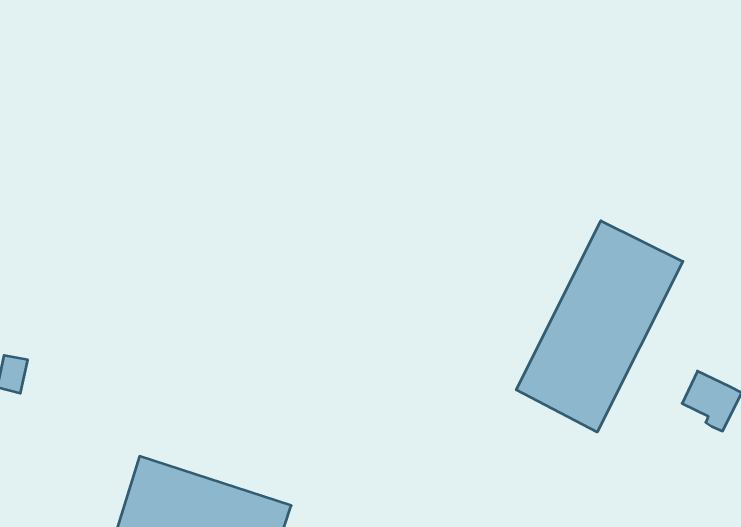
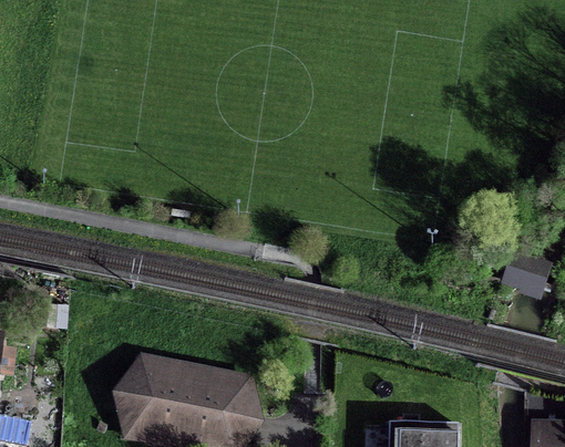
building: [516,221,683,432] -> none

